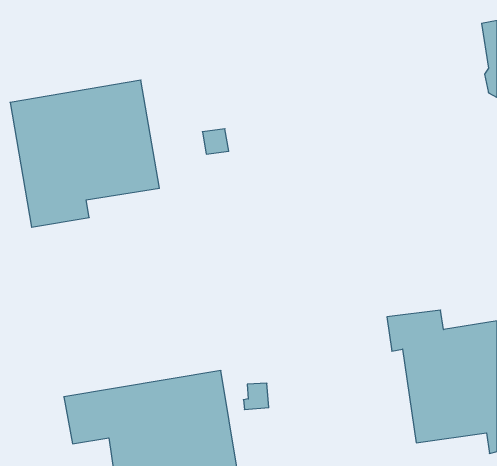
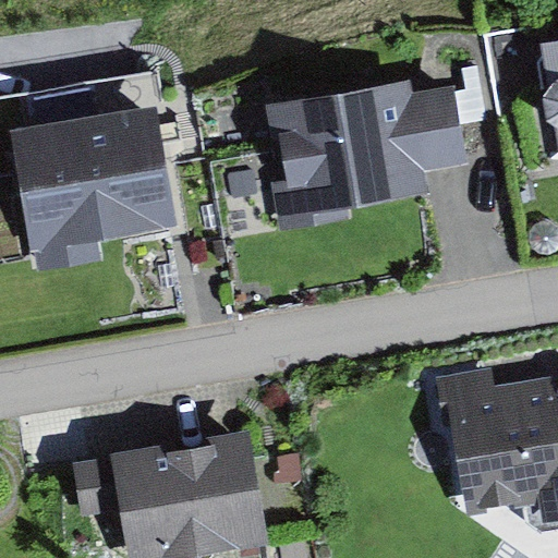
building: none -> [264,81,465,220]

